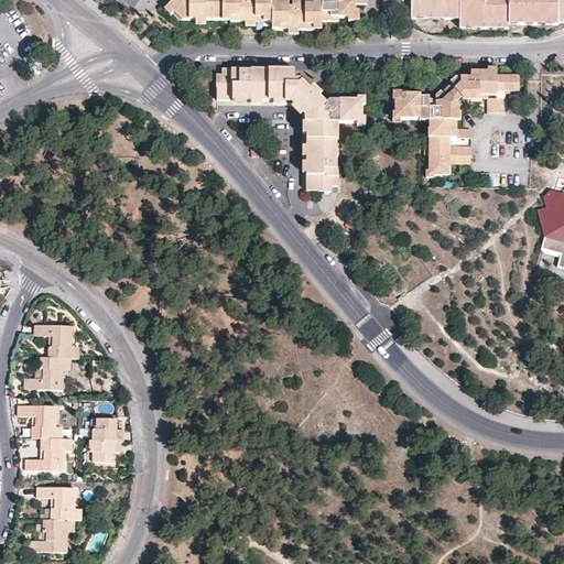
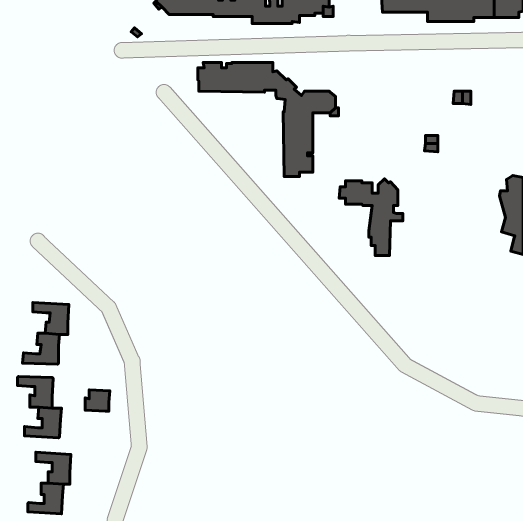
building: [453,70,519,97] -> none
building: [394,91,463,174] -> [339,179,403,256]
building: [88,440,113,463] -> none

